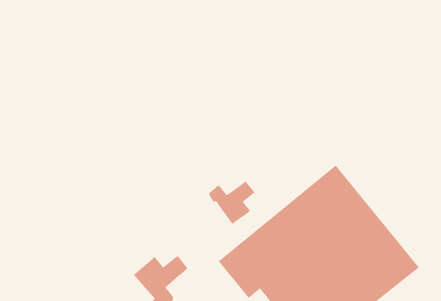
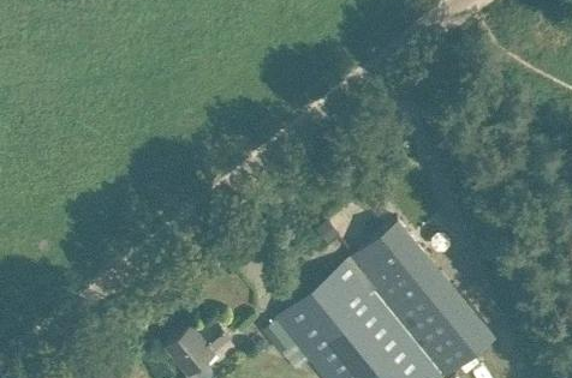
building: [208,181,255,225] -> none

